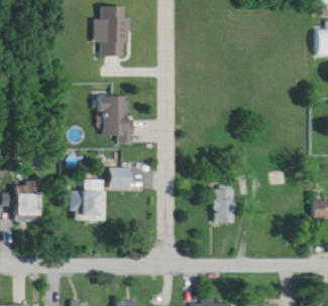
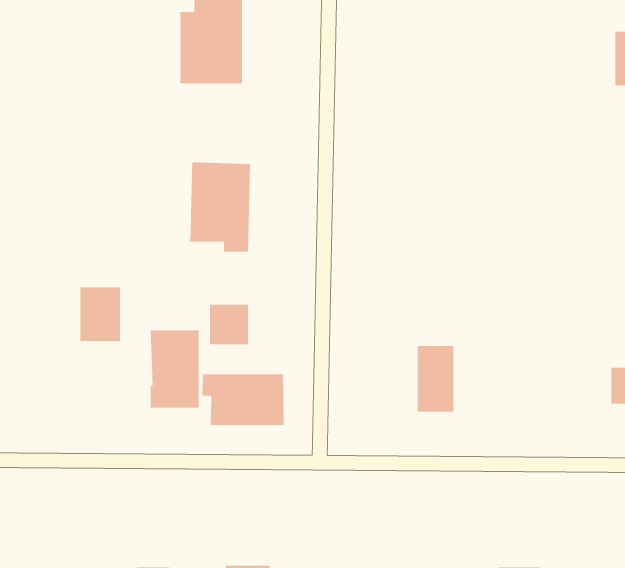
building: [16,193,37,221] -> [79,287,121,342]
building: none -> [201,374,284,426]

